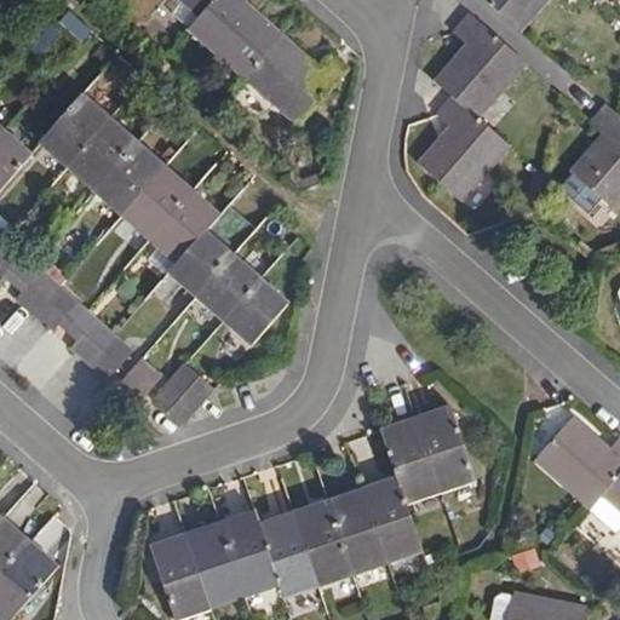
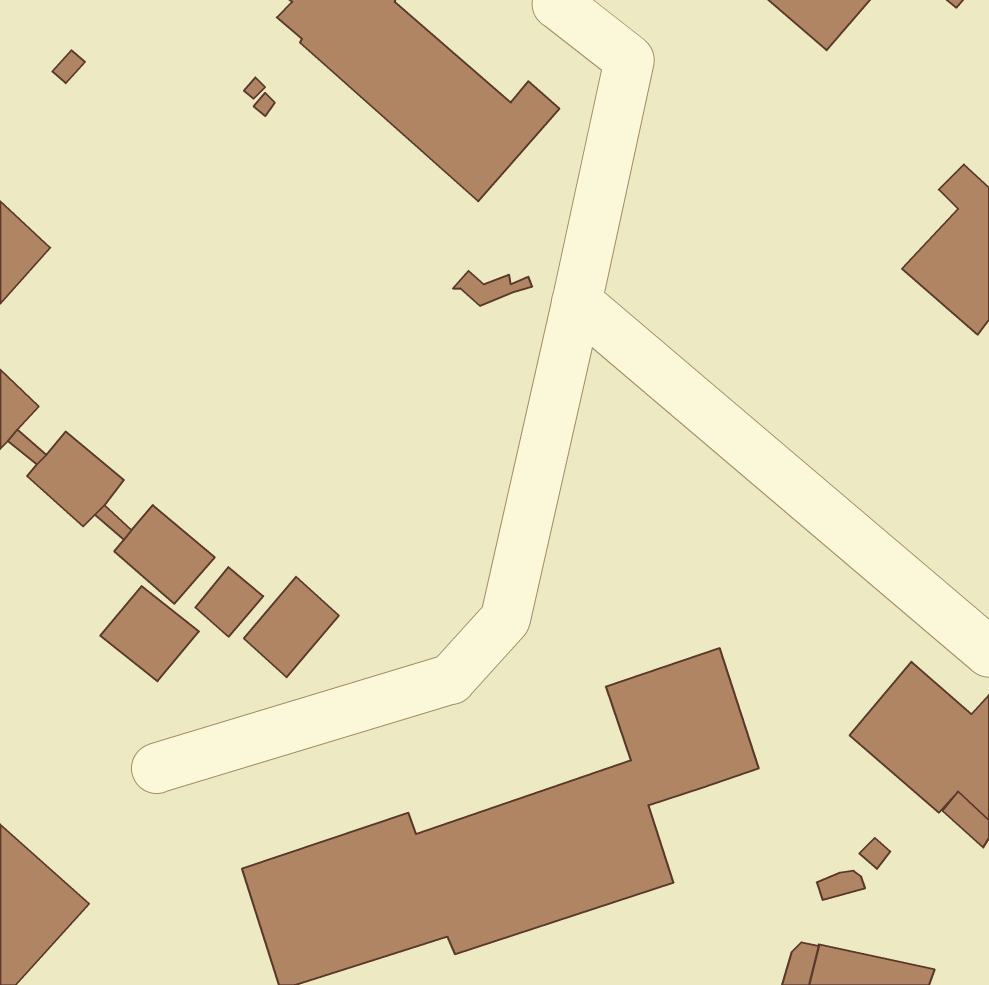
building: [412,12,523,199] -> none
building: [41,93,288,341] -> none
building: none -> [100,586,199,681]

